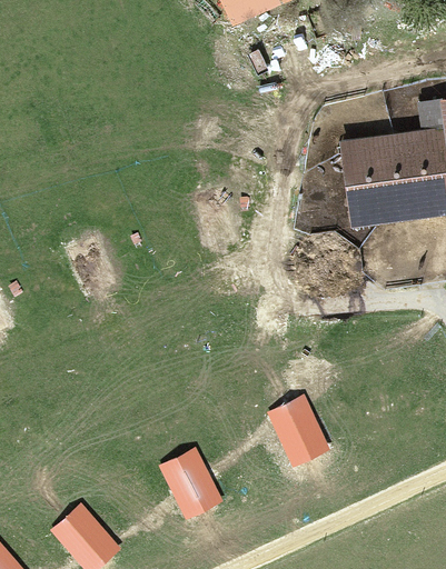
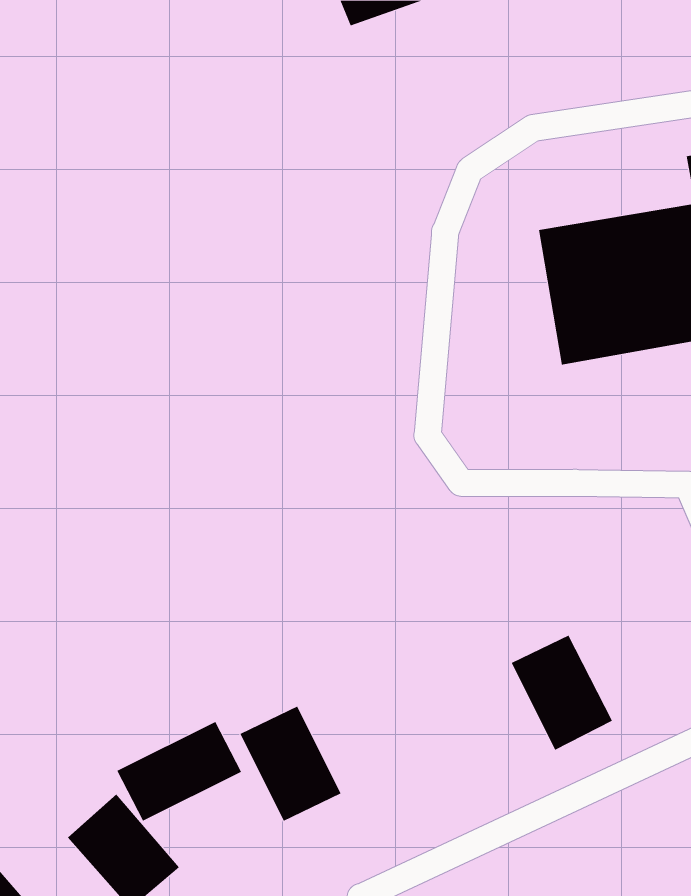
building: [266,395,330,468] -> [511,635,613,751]
building: none -> [116,721,242,821]

